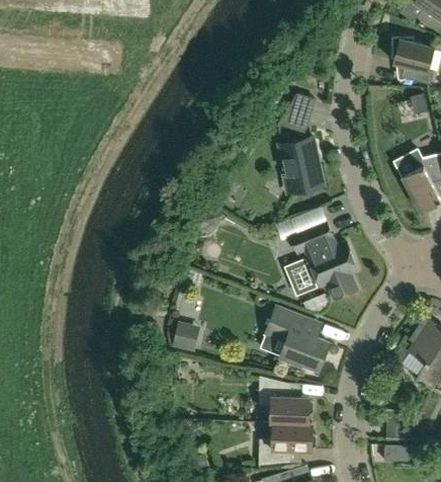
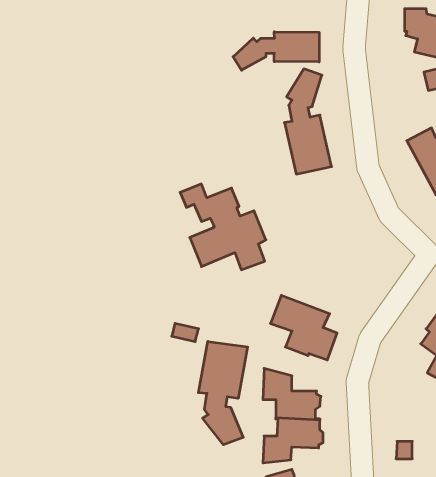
building: none -> [233,32,319,70]
building: [276,217,357,298] -> [180,184,266,270]
building: none -> [198,341,248,445]

